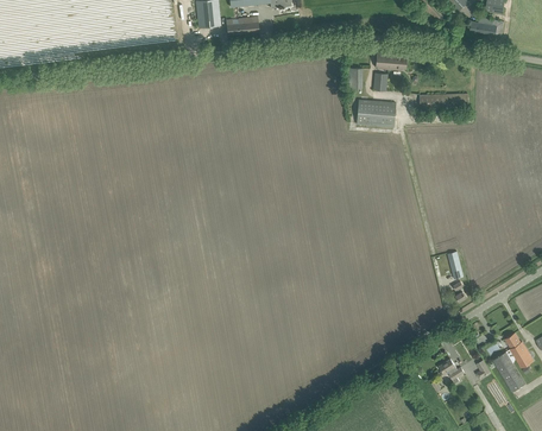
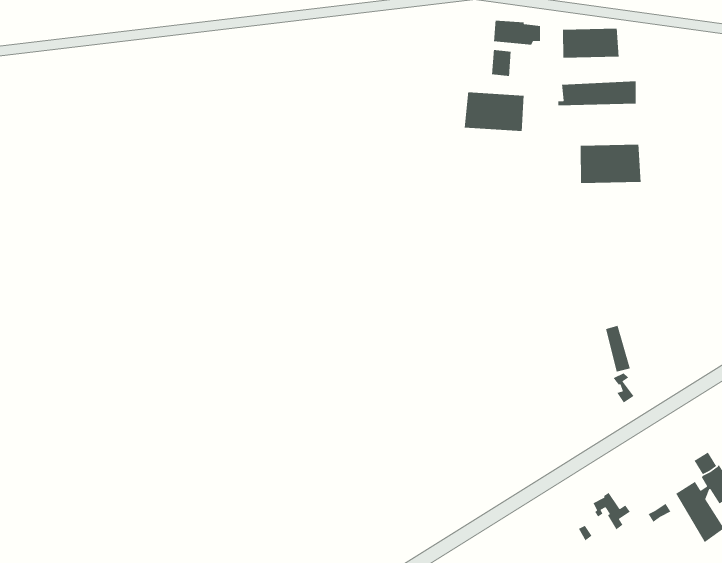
building: none -> [562,28,620,58]
building: none -> [580,144,641,184]

